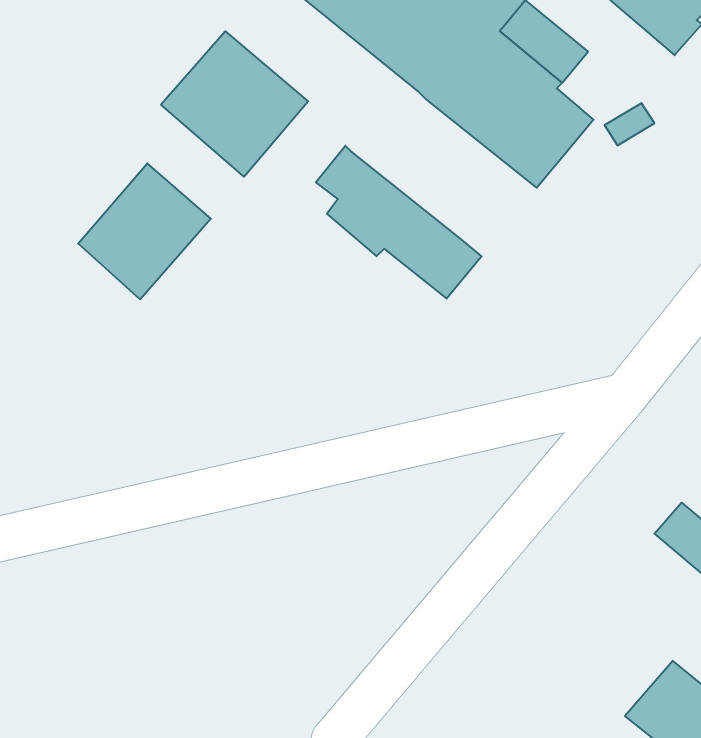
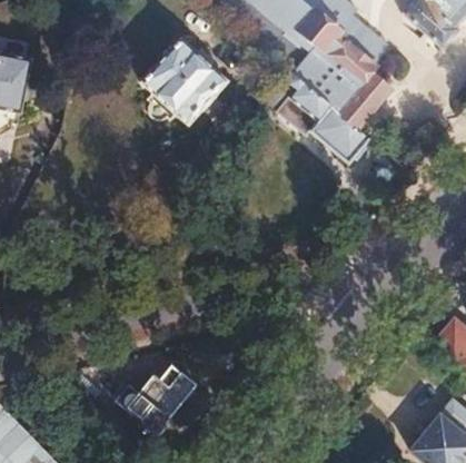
building: [316,146,482,299] -> [275,70,375,162]
building: [78,163,211,299] -> none
building: none -> [119,364,199,433]

